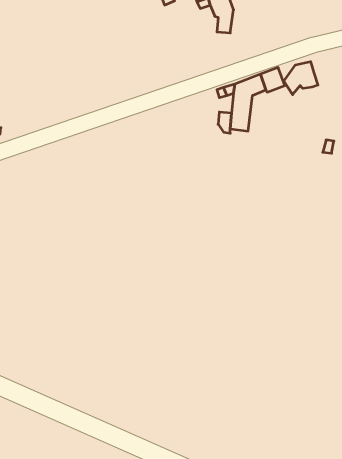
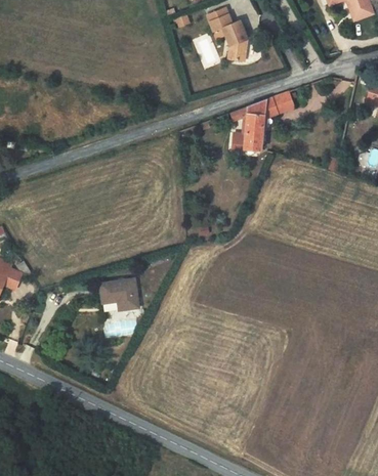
building: [284,62,318,95] -> none
building: none -> [100,279,137,309]

